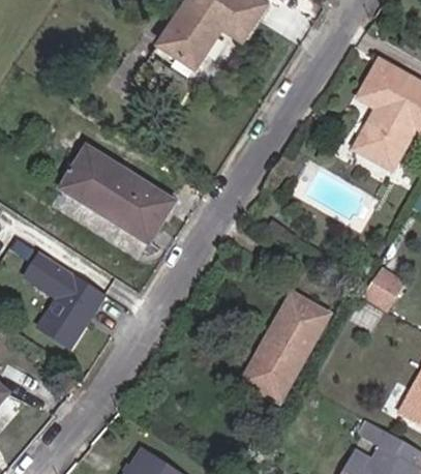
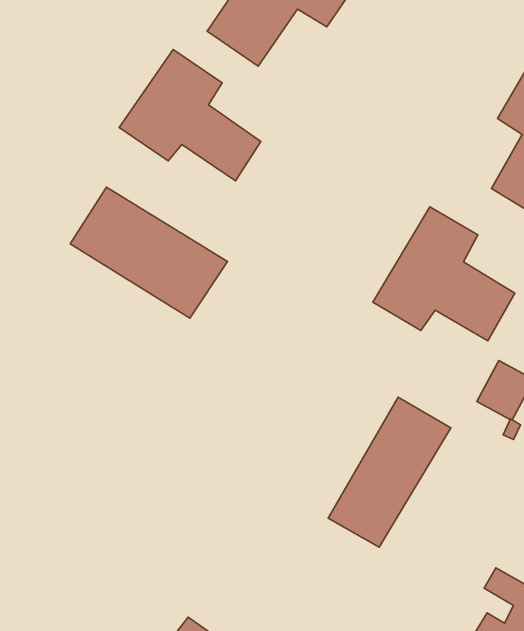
building: none -> [119,49,261,181]
building: none -> [373,207,515,341]
building: [21,250,101,347] -> none

